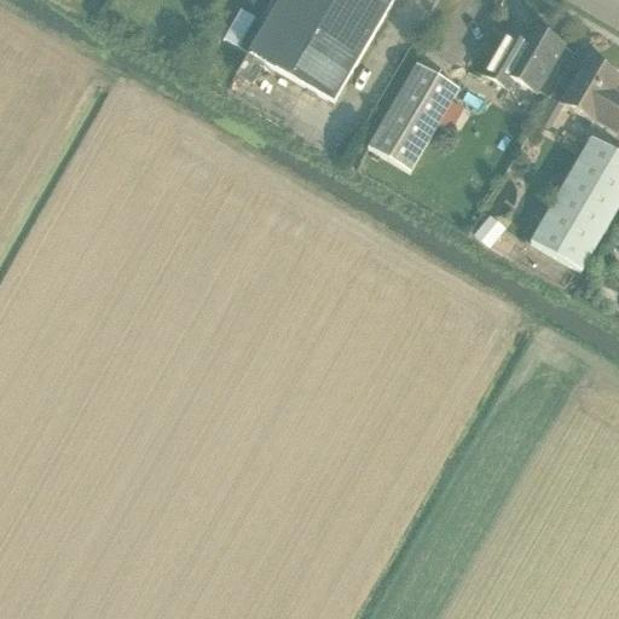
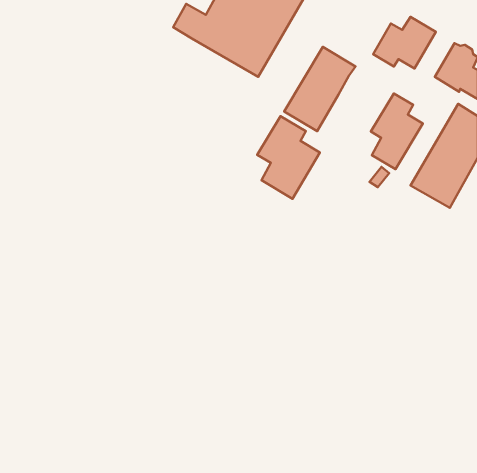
building: none -> [371,93,423,169]
building: none -> [257,116,320,199]

